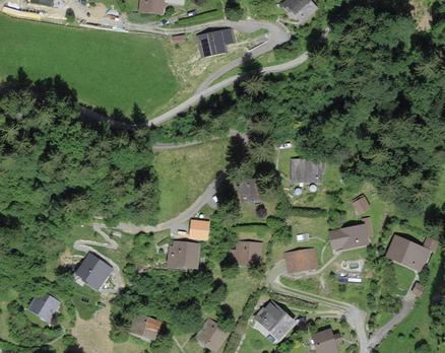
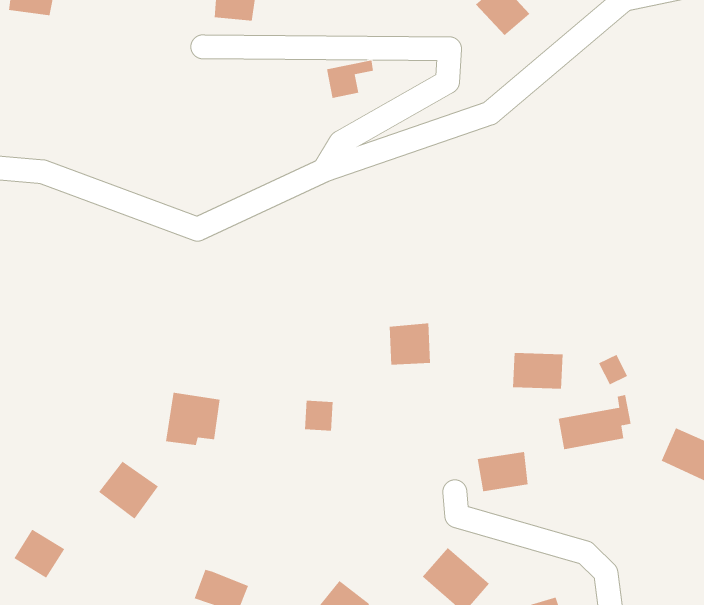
building: [293,160,321,181] -> [512,352,564,389]
building: [169,240,199,270] -> [165,392,220,445]
building: [228,242,261,269] -> none

